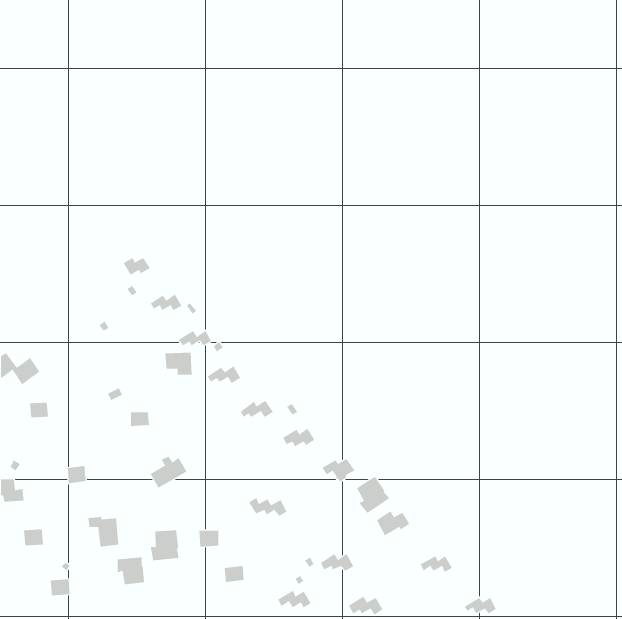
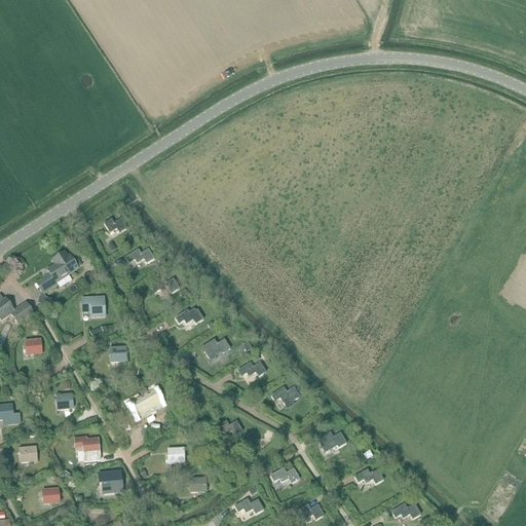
building: none -> [37,251,78,292]
building: [165,352,193,375] -> [81,296,105,315]
building: [356,476,390,514] -> none
building: [150,529,179,561] -> none

